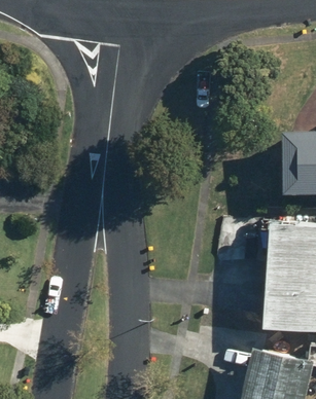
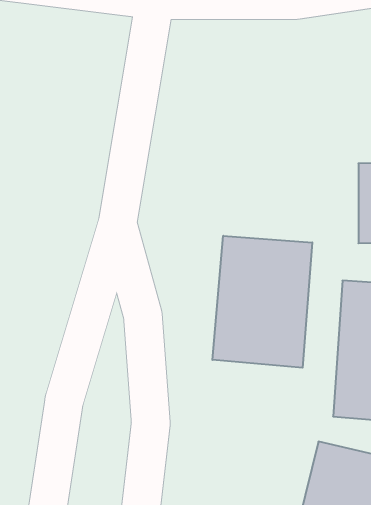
building: none -> [212,236,312,368]

